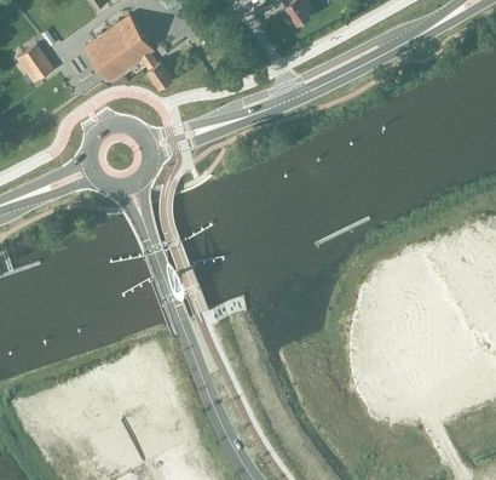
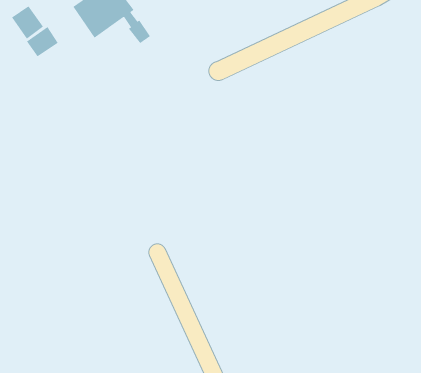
building: none -> [26,26,59,57]

